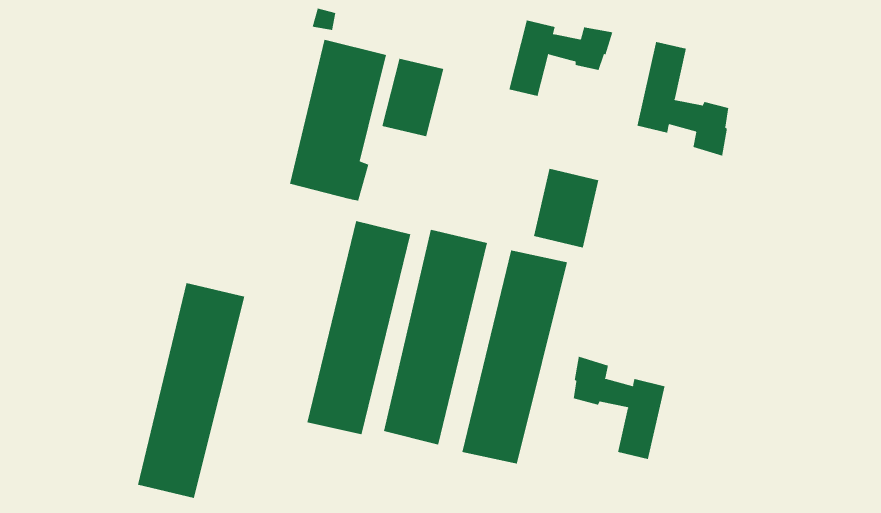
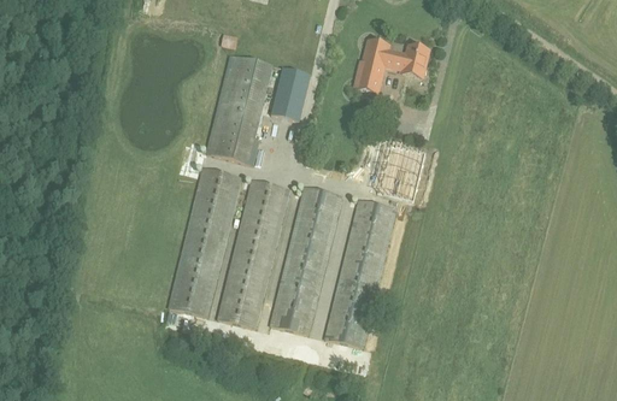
building: [637,41,729,157] -> none
building: [137,283,245,499] -> [168,167,242,317]
building: [573,356,665,460] -> none

